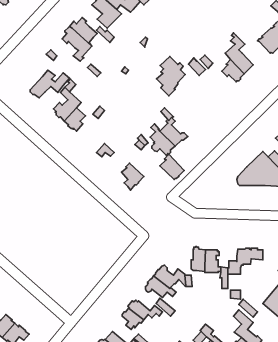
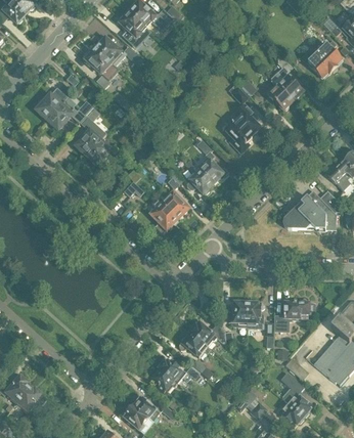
building: [156,56,185,96] -> [226,105,259,150]
building: none -> [34,86,68,119]
building: [160,154,184,179] -> [161,189,188,218]

